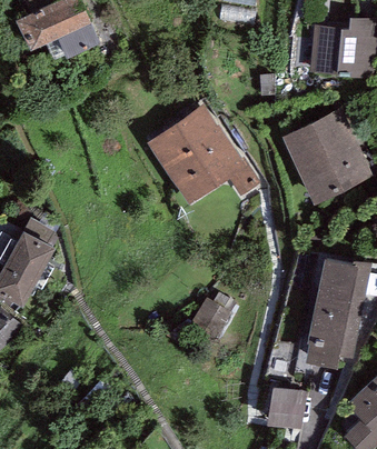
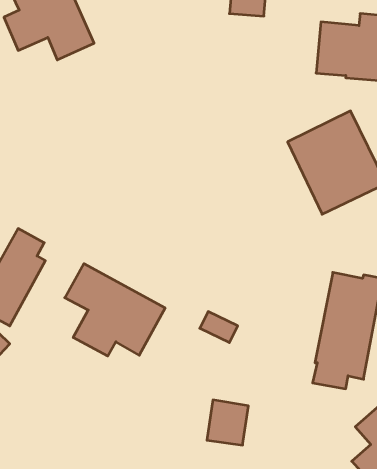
building: [146,103,260,204] -> none
building: none -> [65,264,165,356]
building: [267,387,306,429] -> [207,400,248,445]

